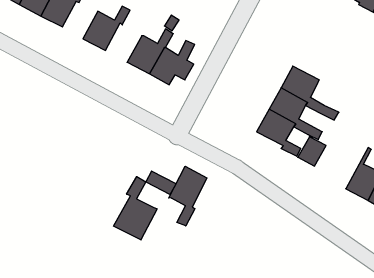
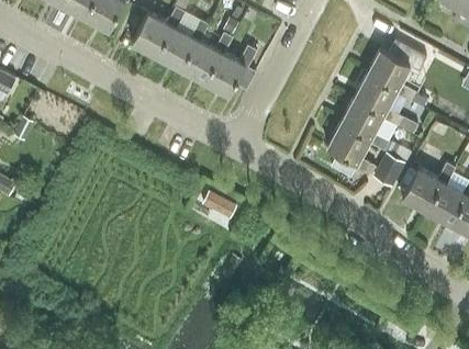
building: none -> [157,21,209,70]
building: none -> [367,41,427,109]
building: none -> [402,164,451,212]
building: [169,166,207,226] -> none
building: [114,177,157,240] -> none

